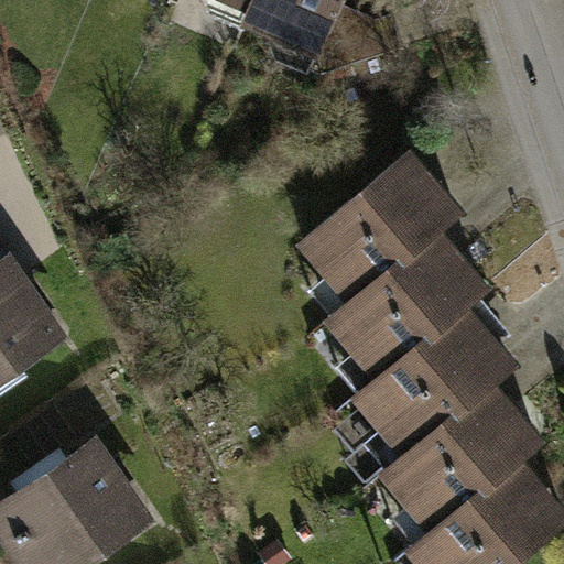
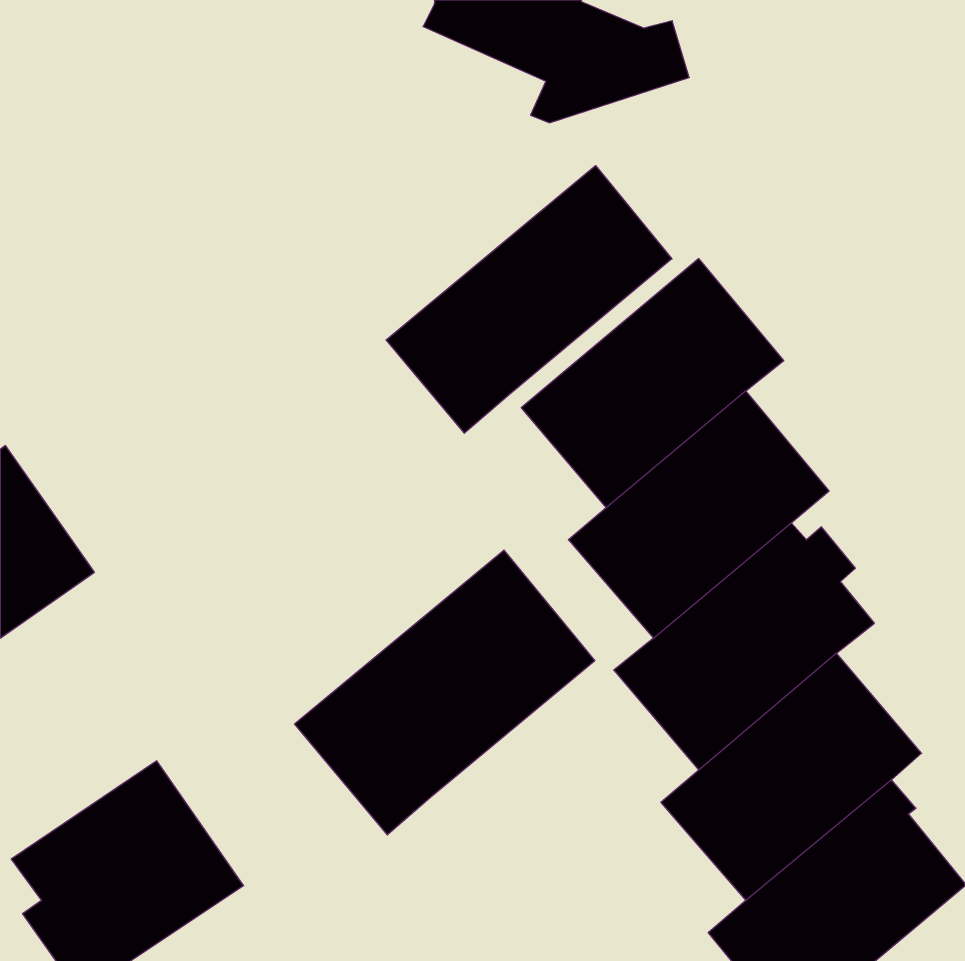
building: none -> [386,166,672,433]
building: none -> [295,550,595,835]

